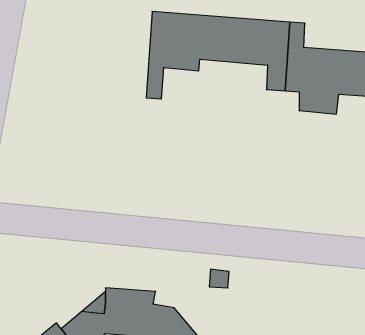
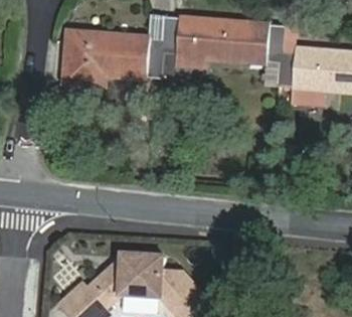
building: none -> [62,15,164,91]

